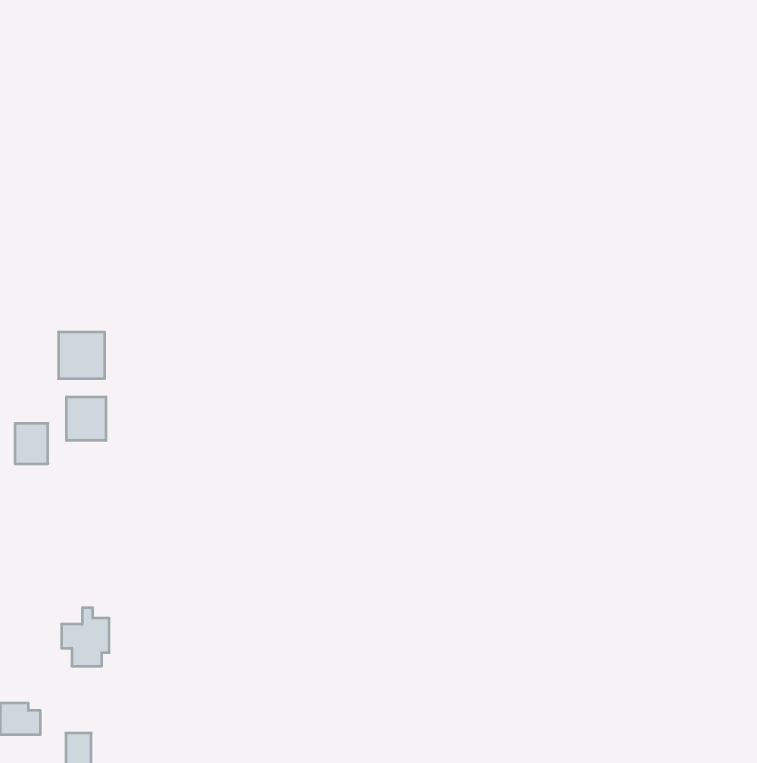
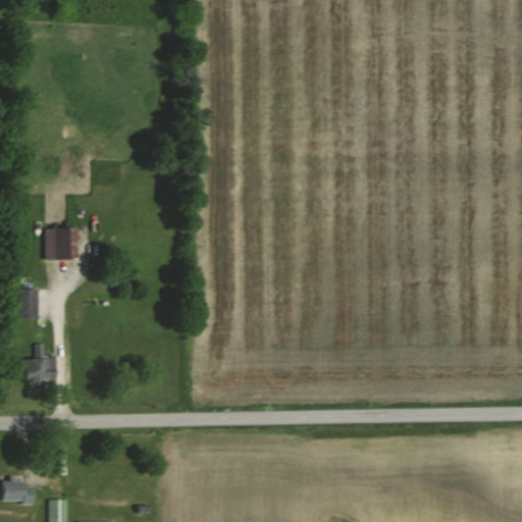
building: [67,397,106,441] -> none
building: [61,608,109,666] -> [22,348,55,387]

